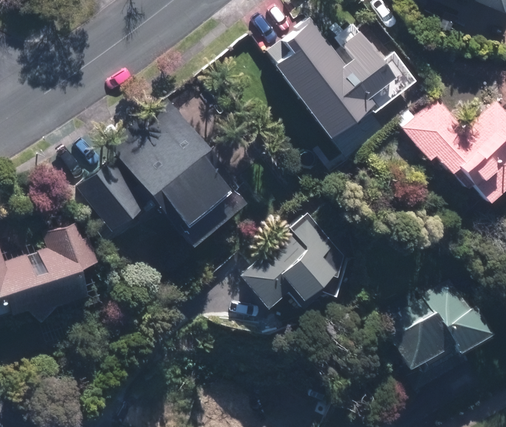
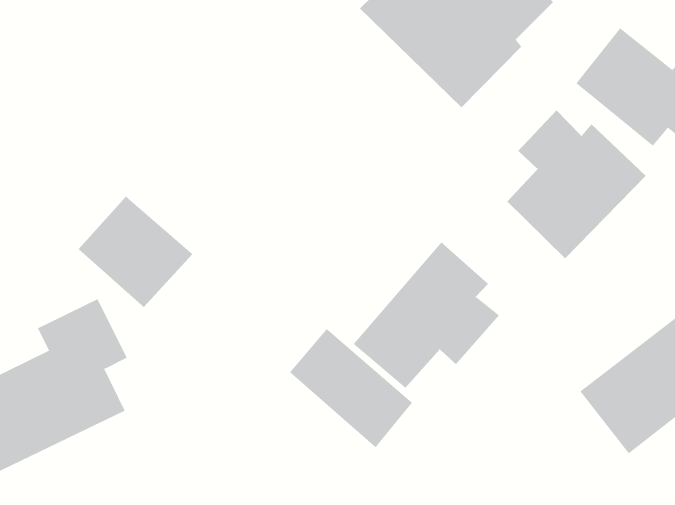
building: [112,99,251,245] -> none
building: none -> [507,110,646,259]
building: none -> [289,328,413,448]

